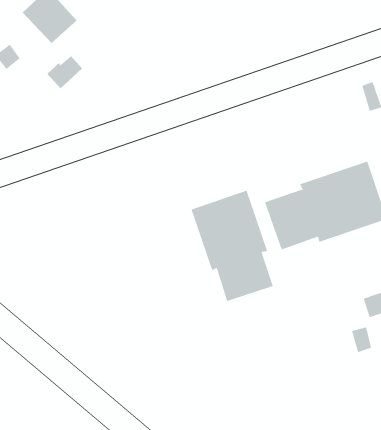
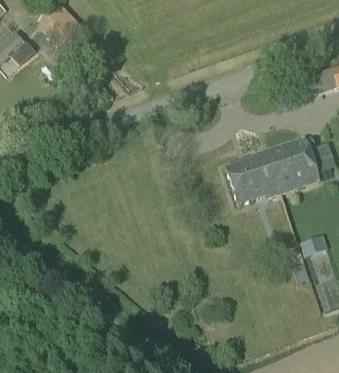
building: [191,190,274,302] -> none

